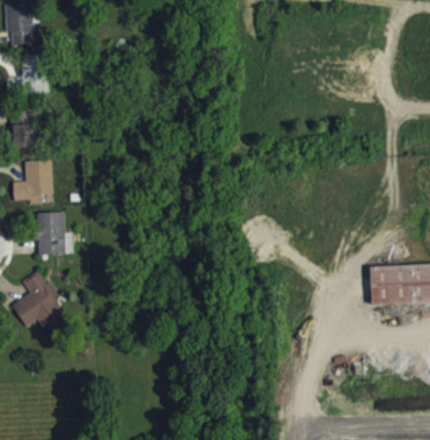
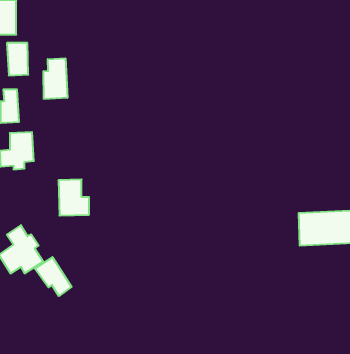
building: none -> [44,58,67,99]
building: [37,217,74,260] -> [58,179,89,216]
building: none -> [35,257,72,296]

